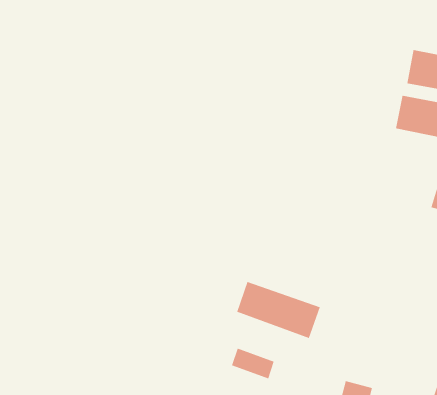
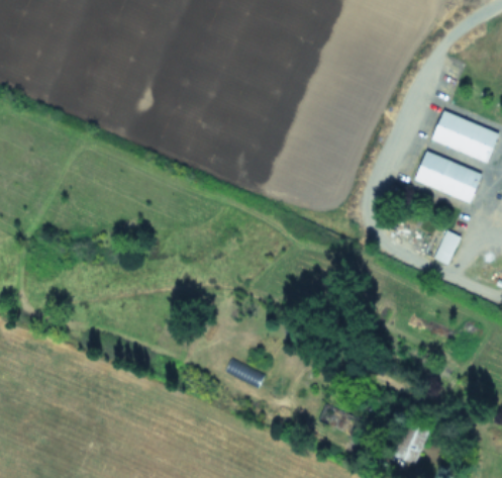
building: [236,281,321,339] -> none

